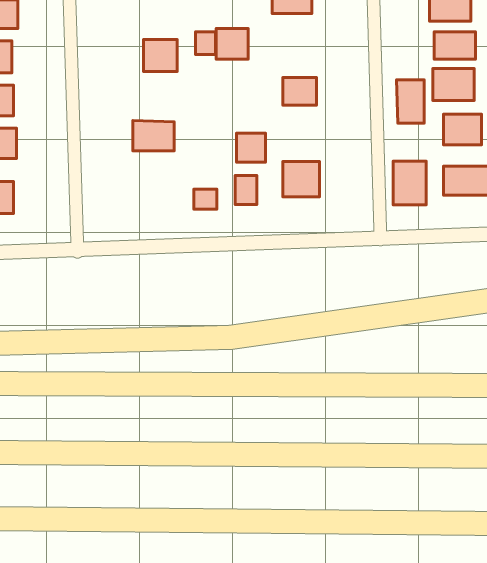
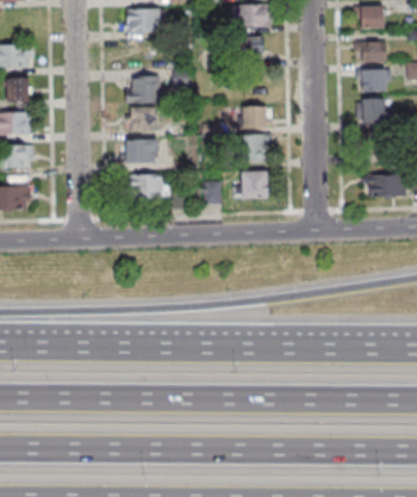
building: [216,29,248,59] -> [131,108,156,132]
building: [396,80,424,123] -> none
building: [236,133,265,162] -> [243,137,266,160]
building: [393,161,426,205] -> none
building: none -> [131,176,166,200]

